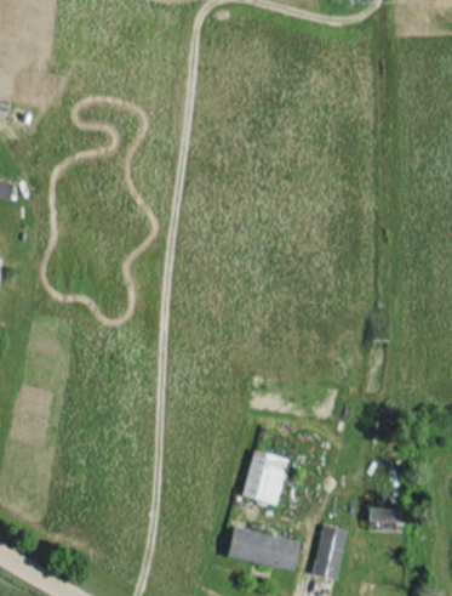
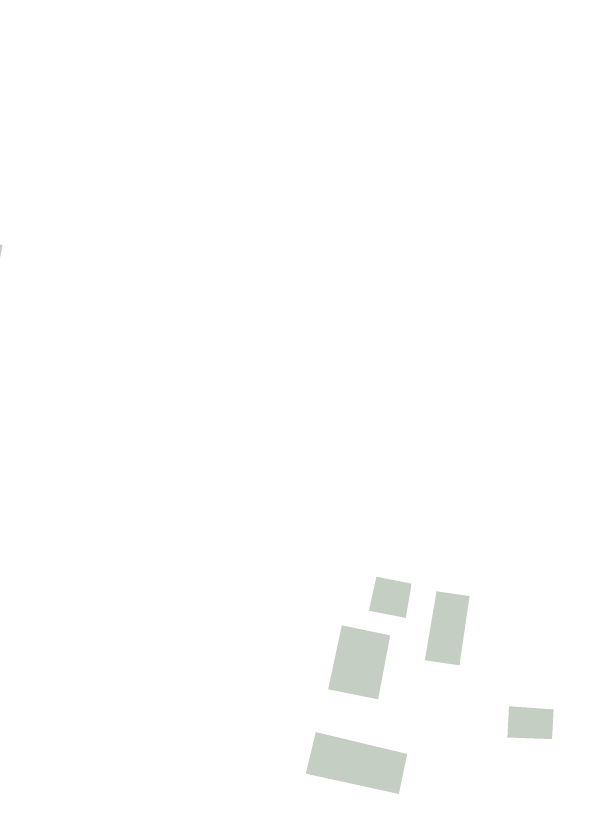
building: none -> [368,576,412,619]
building: [314,526,347,579] -> [424,590,470,666]

